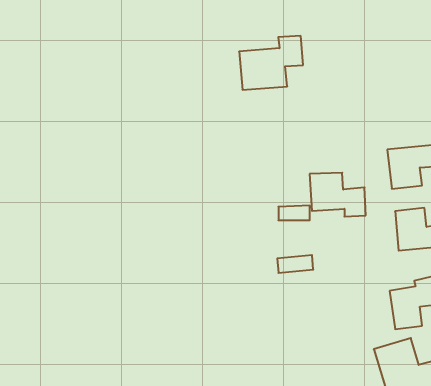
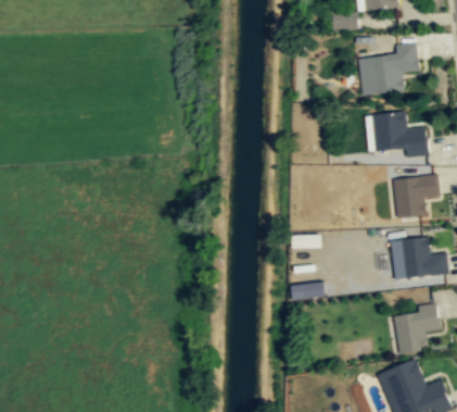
building: [239,36,303,90] -> [357,42,419,95]
building: [310,173,366,217] -> [372,113,427,155]

